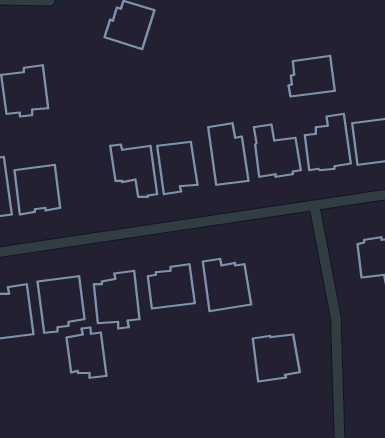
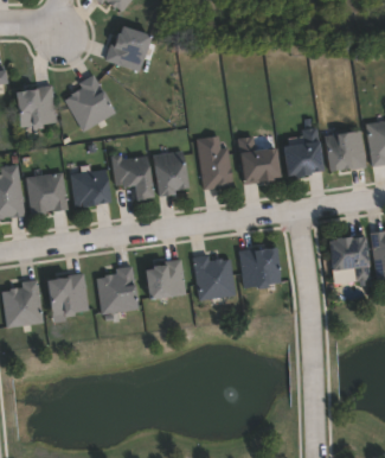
building: none -> [64,75,115,131]
building: [289,56,335,97] -> none
building: none -> [71,170,109,209]
building: [66,328,107,378] -> none
building: [253,334,300,381] -> [239,248,281,290]

